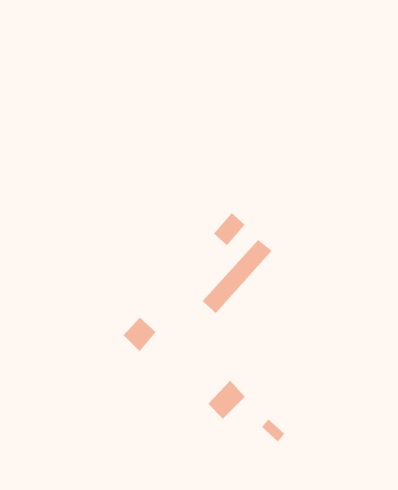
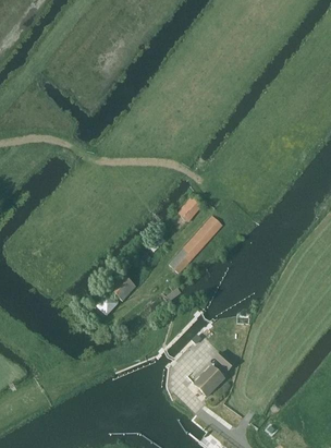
building: [207,380,246,419] -> [194,366,223,397]

